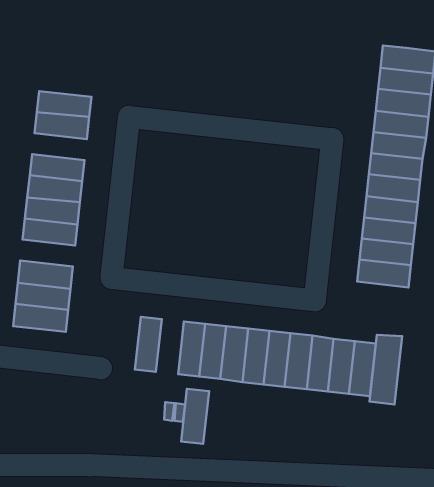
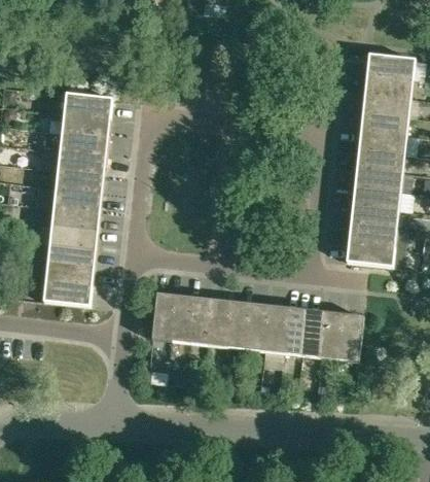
building: none -> [60,130,108,153]
building: none -> [49,223,98,247]
building: [369,335,402,404] -> none
building: [181,389,209,444] -> [169,294,193,342]

